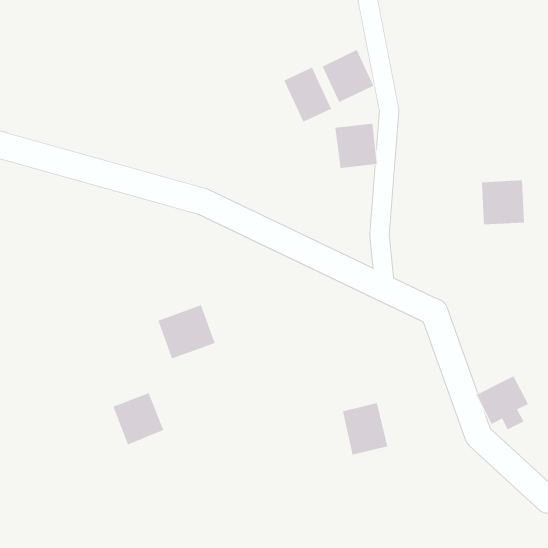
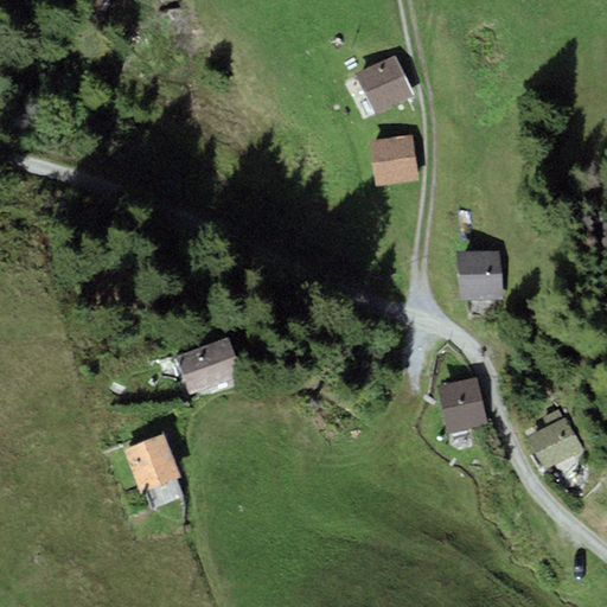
building: [283,67,332,123] -> none
building: [481,180,525,225] -> [455,249,504,299]
building: [342,403,388,455] -> [437,376,488,434]

